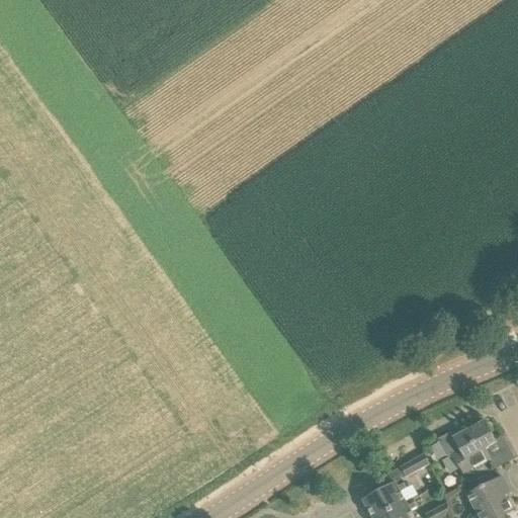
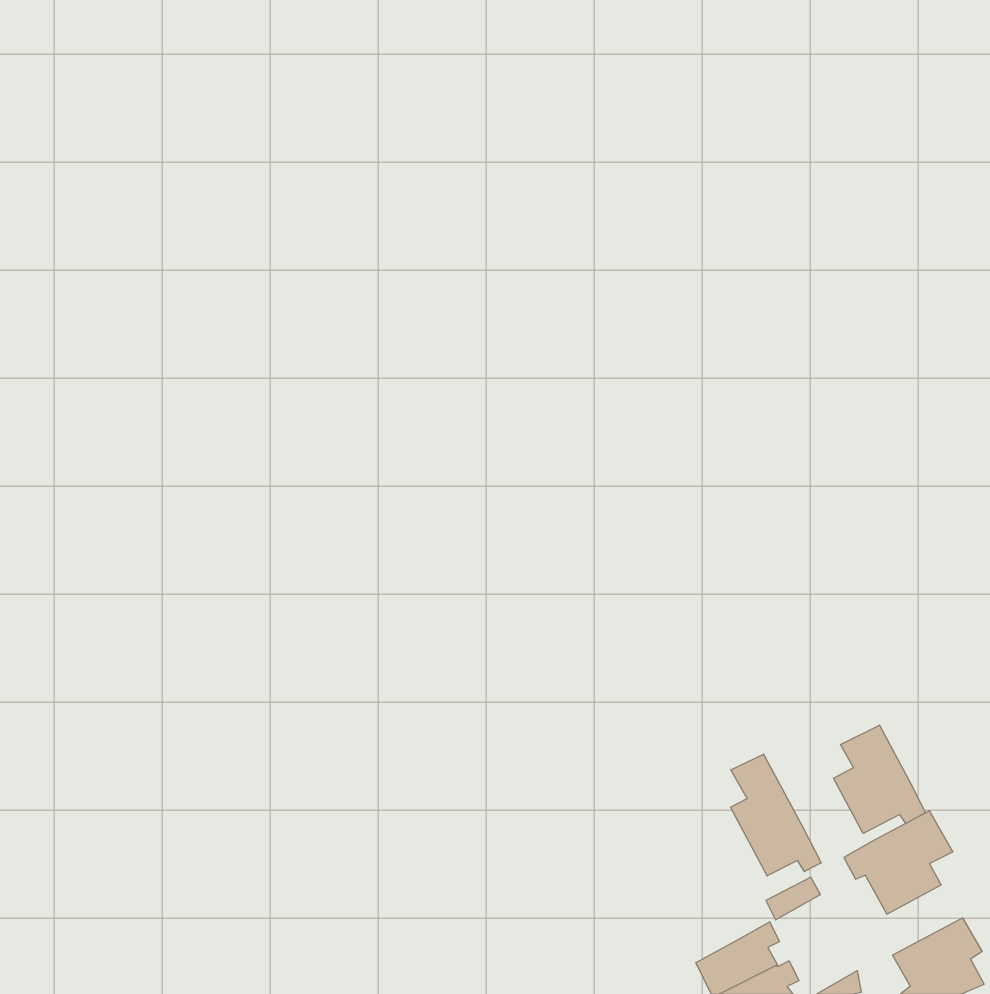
building: none -> [834,725,926,833]
building: none -> [730,754,821,876]

